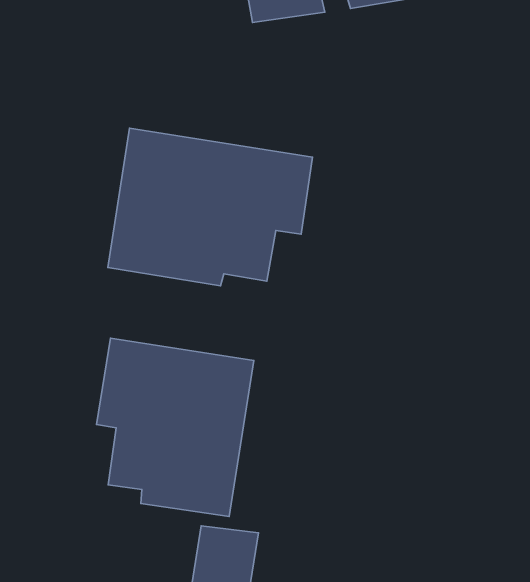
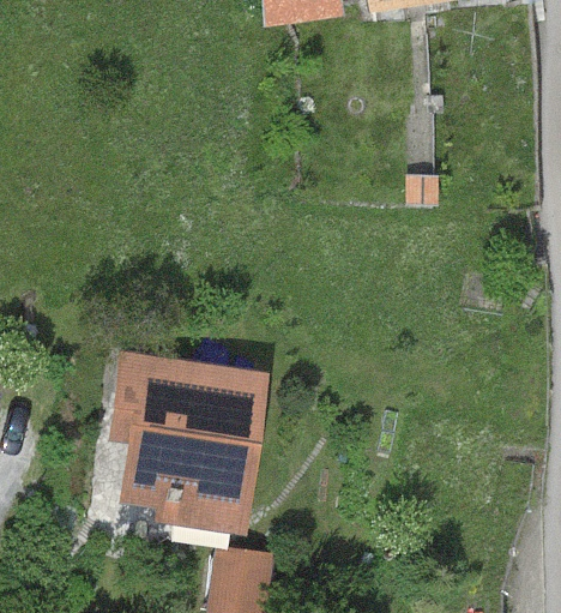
building: [108,128,313,286] -> none

